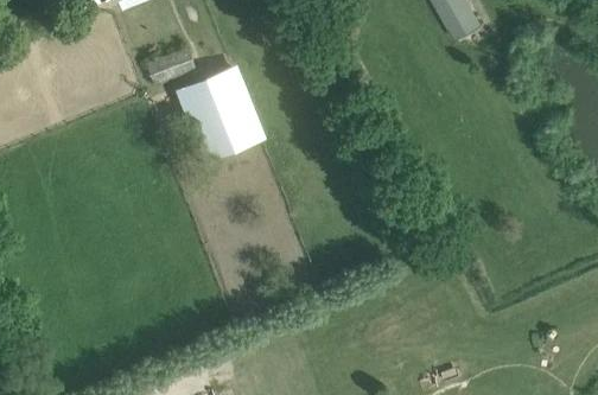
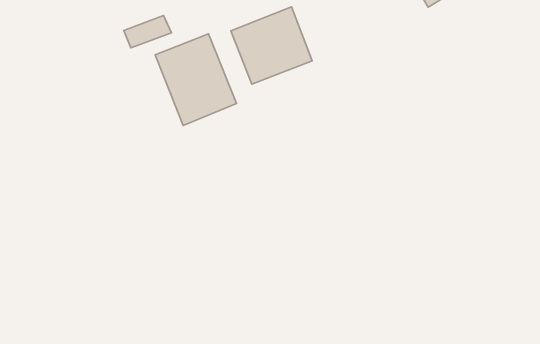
building: none -> [231,7,312,84]

